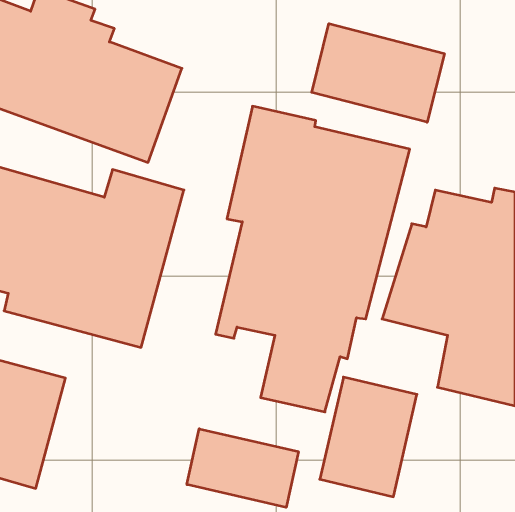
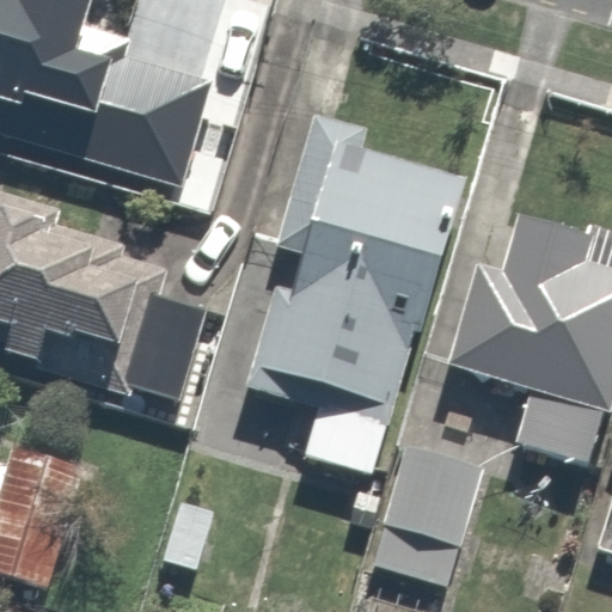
building: [312,24,444,122] -> none
building: [187,429,298,507] -> none

